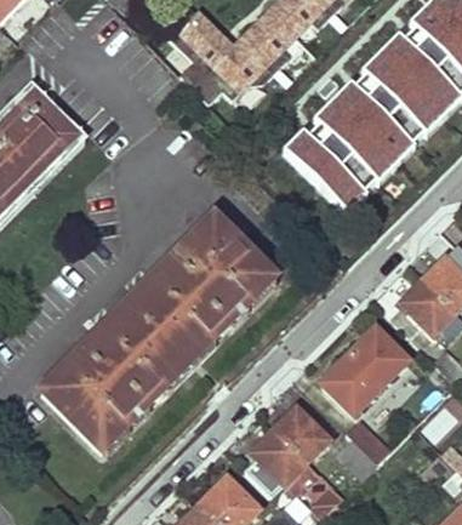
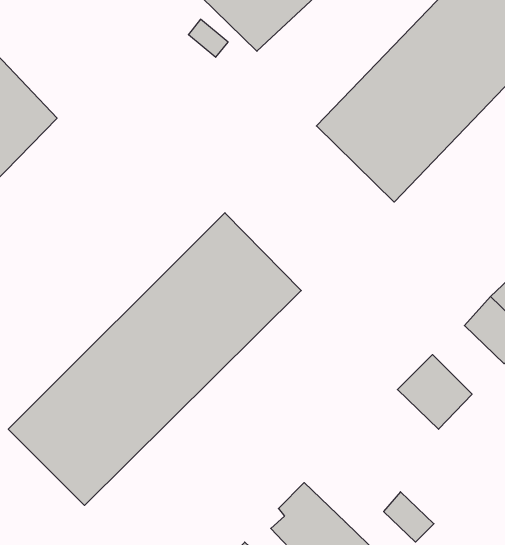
building: [320,358,381,416] -> none
building: [274,411,327,463] -> none

